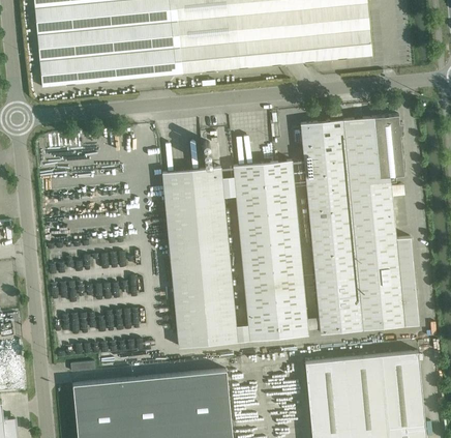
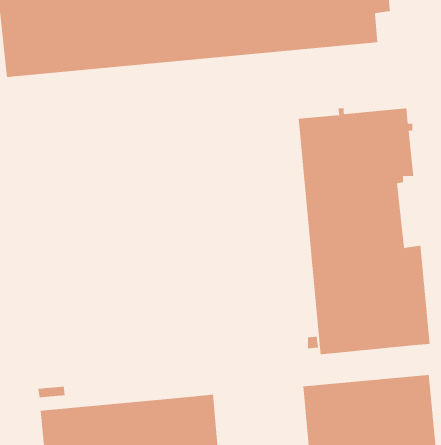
building: [233,162,308,342] -> none
building: [162,169,238,349] -> none

